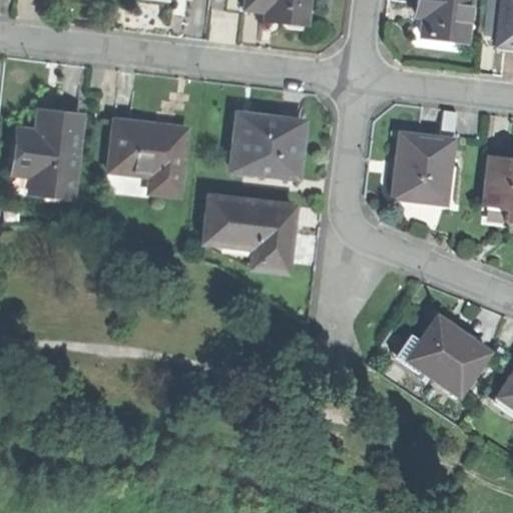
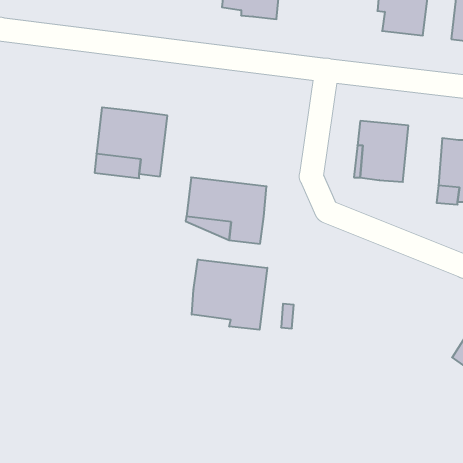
building: [14,111,82,195] -> none
building: [233,116,306,173] -> none
building: none -> [192,259,267,330]
building: [409,314,491,393] -> none

